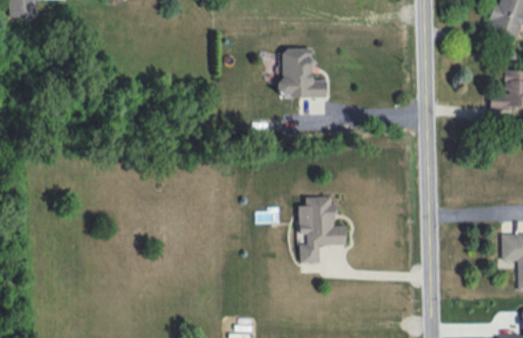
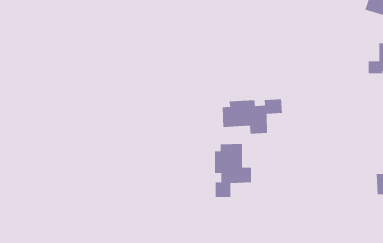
building: [281,48,328,96] -> none
building: none -> [222,98,283,135]

